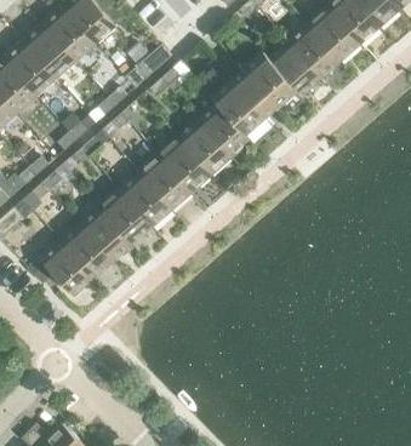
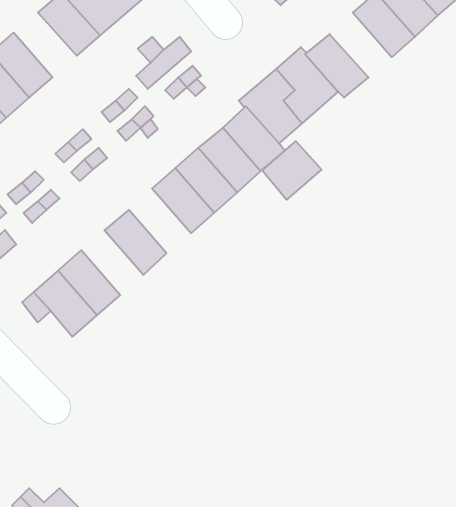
building: [23,23,76,78] -> none
building: [289,23,341,78] -> none
building: none -> [262,141,321,200]
building: [120,171,172,225] -> none
building: [80,206,132,261] -> none

